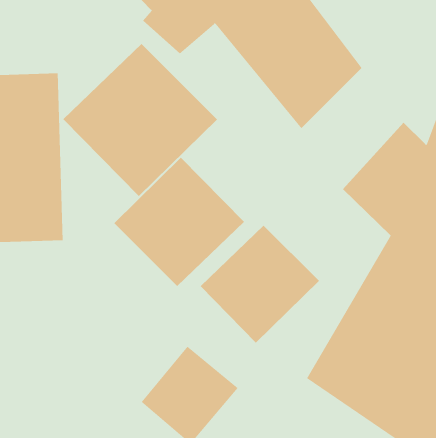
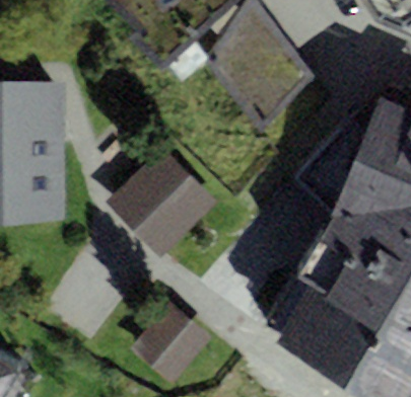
building: [63,43,218,197] -> none
building: [200,225,320,344] -> none

